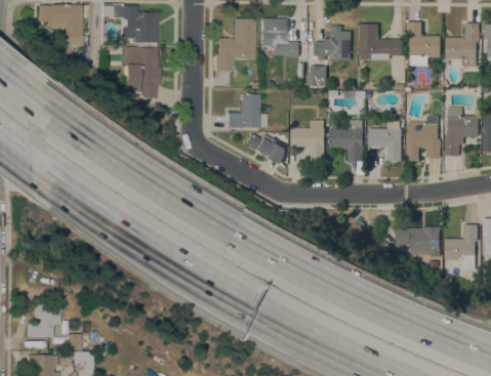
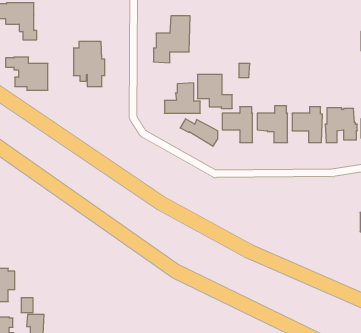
building: [111,5,158,42] -> [6,57,48,90]
building: [260,18,299,56] -> [197,75,232,109]
building: [408,20,441,65] -> none
building: [360,23,403,58] -> none
building: [315,26,352,59] -> none
building: [396,225,440,256] -> none

